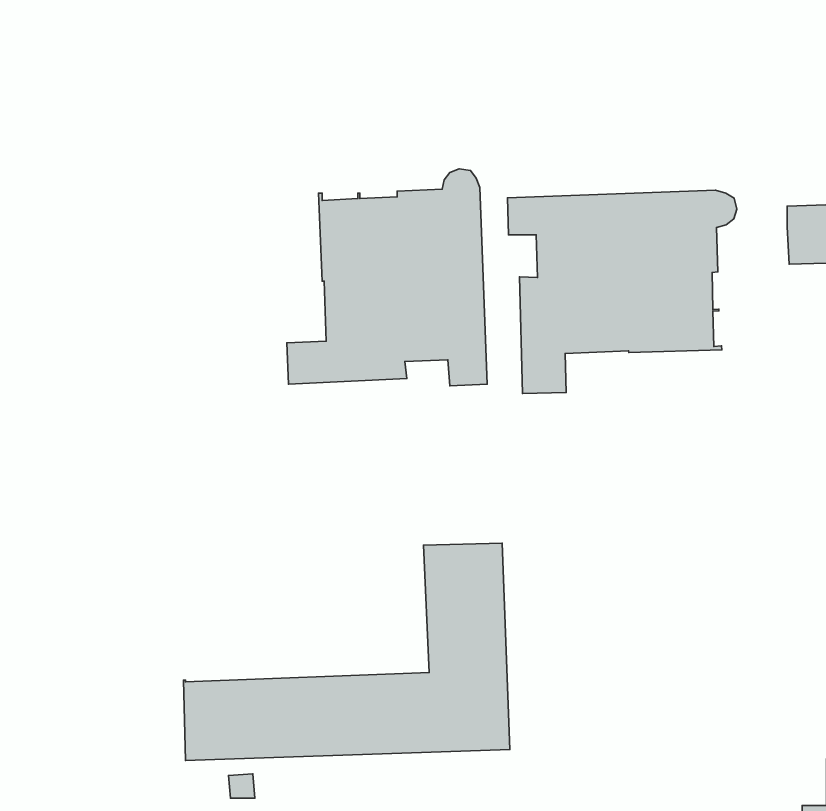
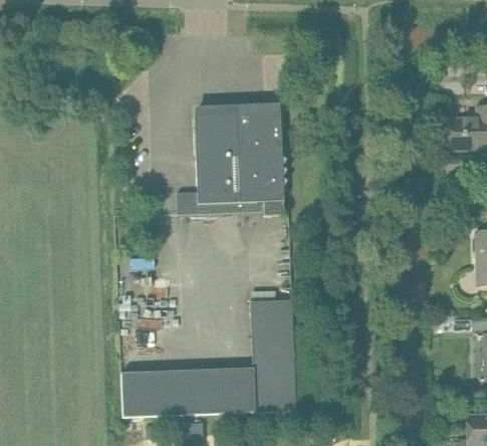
building: [508,190,737,394] -> none

